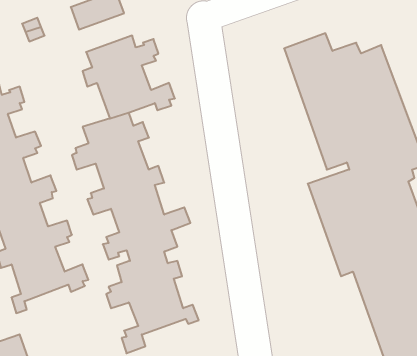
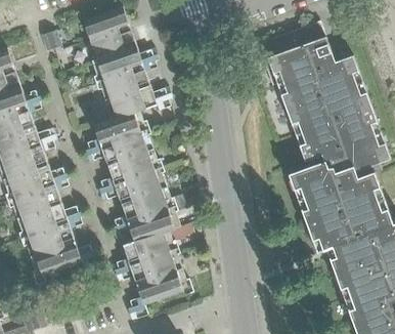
building: none -> [90,27,136,60]

